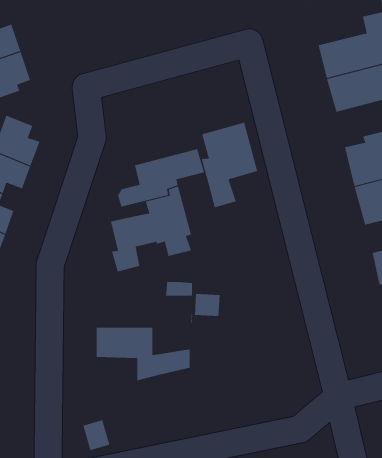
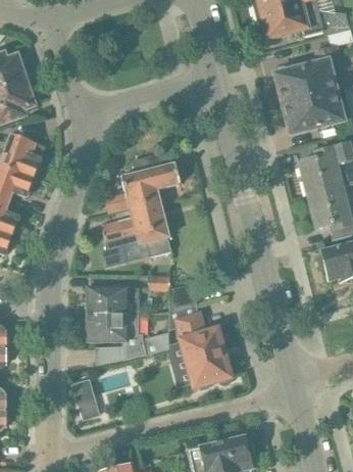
building: [201,122,258,208] -> none
building: none -> [88,288,137,315]
building: none -> [174,313,231,387]

